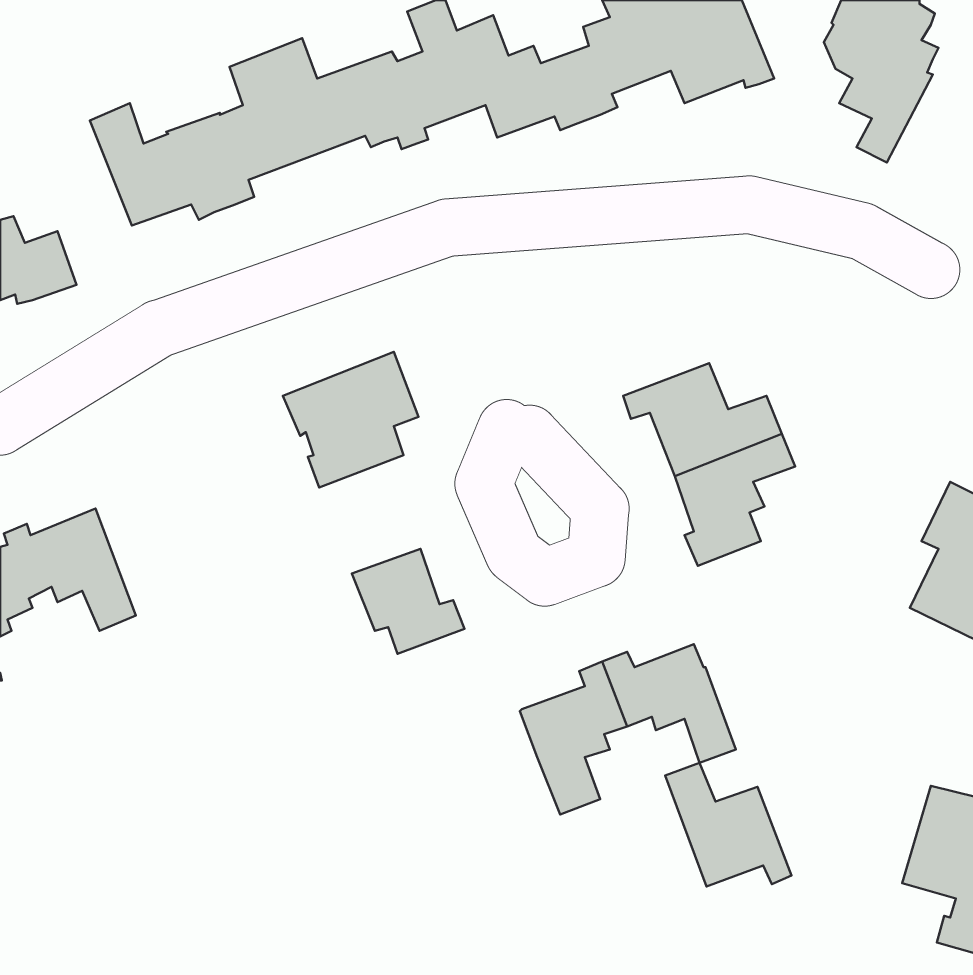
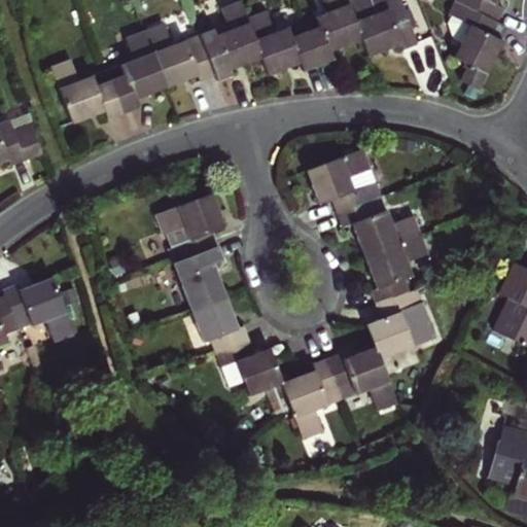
building: none -> [306,147,384,214]
building: none -> [174,246,229,310]
building: none -> [366,291,433,360]
building: none -> [216,340,291,418]
building: [665,763,791,887] -> none

